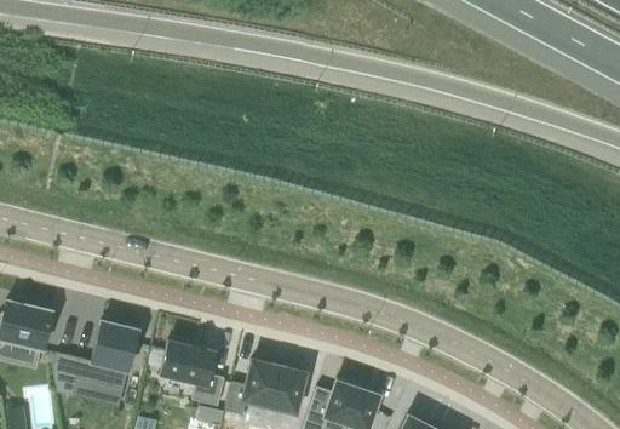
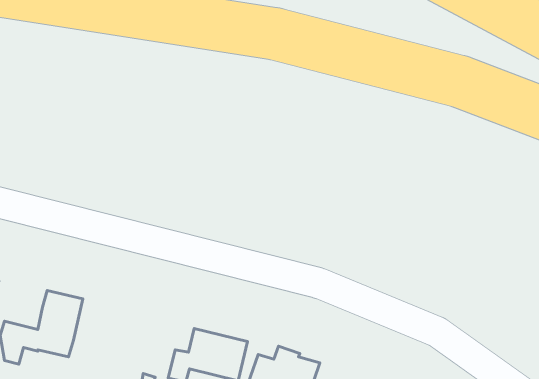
building: [160,337,225,407] -> none

